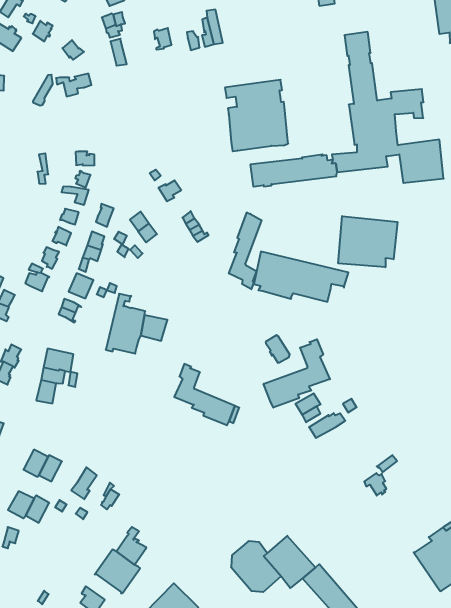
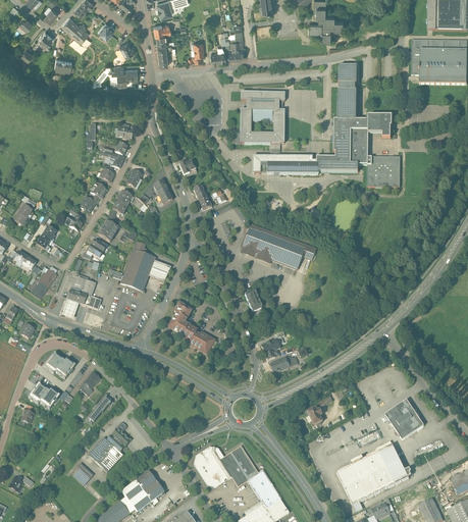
building: [229,212,261,289] -> none
building: [338,216,397,267] -> none
building: [264,339,330,408] -> none

